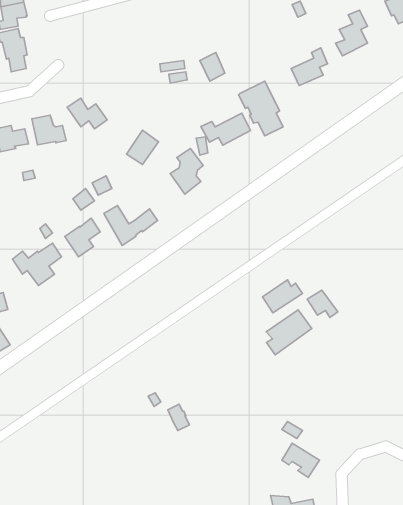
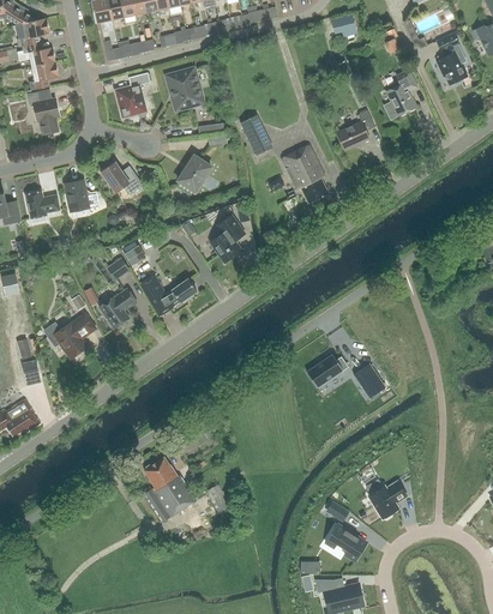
building: none -> [166,67,203,110]
building: none -> [116,72,150,116]
building: [201,113,250,145] -> none
building: [127,130,158,165] -> [178,155,211,191]
building: [266,310,312,355] -> none
building: none -> [143,457,196,522]
building: none -> [366,480,407,518]

